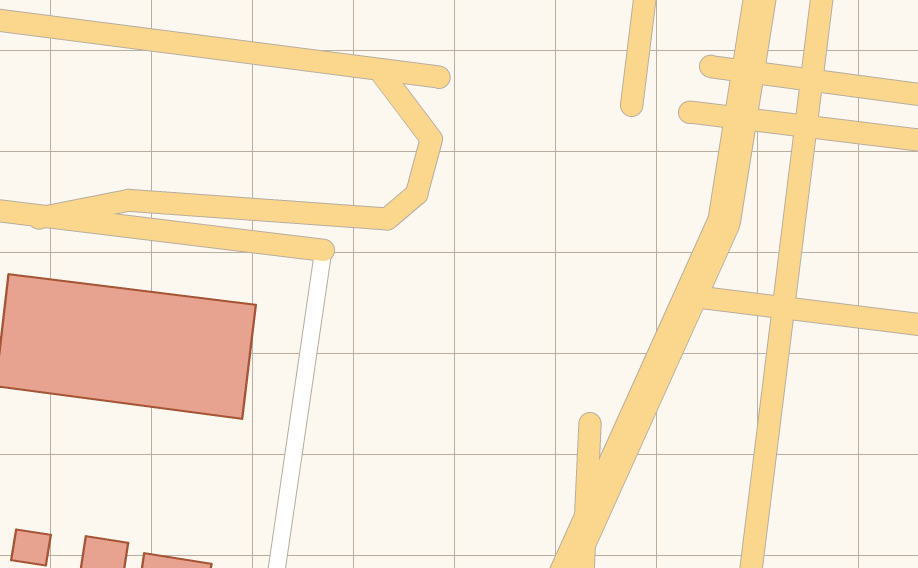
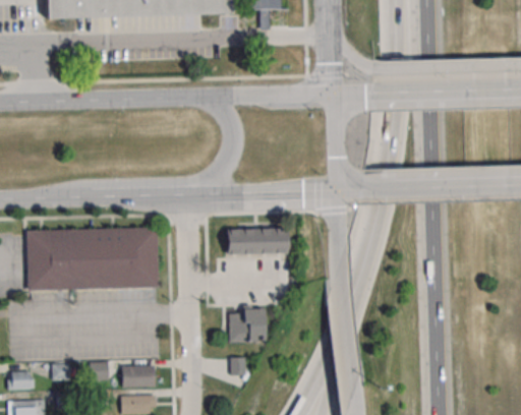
building: none -> [225,227,286,253]
building: none -> [228,306,264,341]

